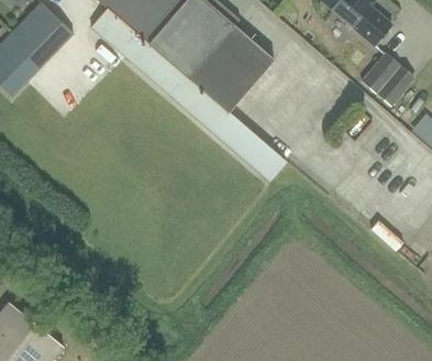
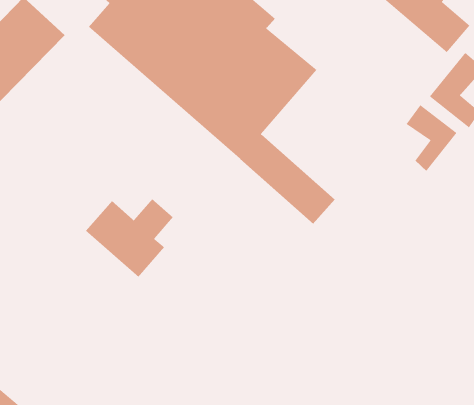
building: none -> [405,104,457,172]
building: none -> [85,198,174,278]

